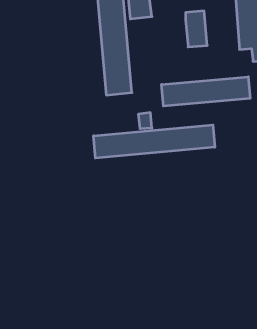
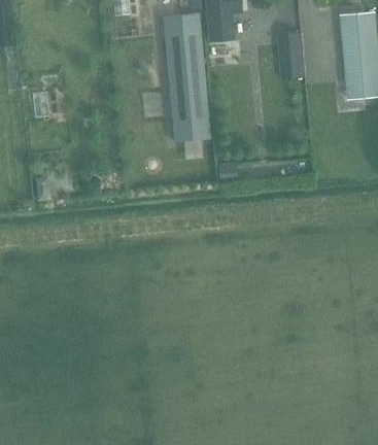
building: [162,77,250,106] -> none
building: [94,125,215,158] -> none

